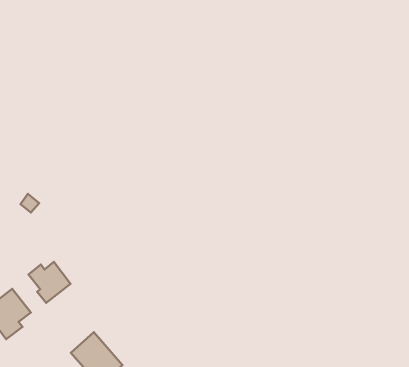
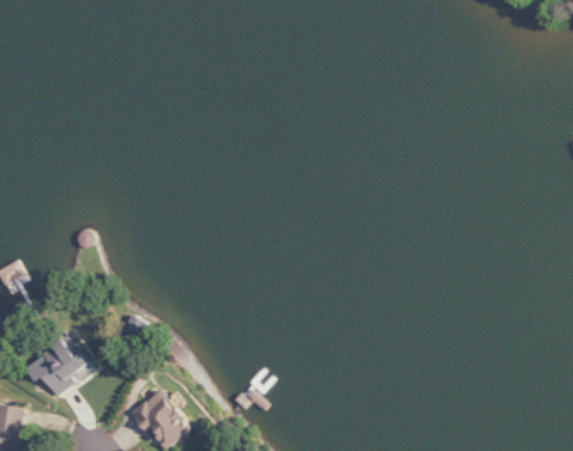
building: [29,262,71,303] -> none

